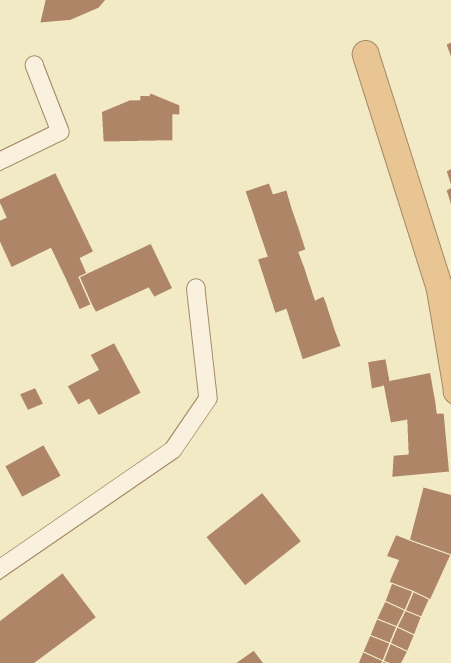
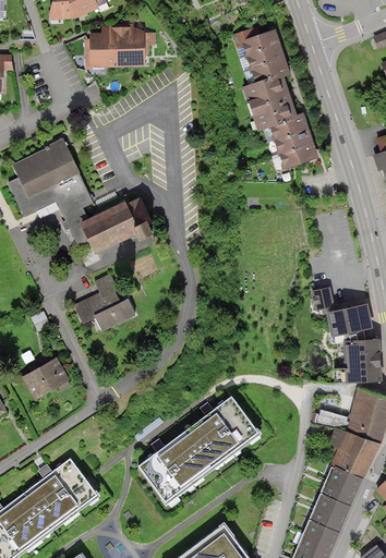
building: [101,93,180,142] -> [86,25,149,64]
building: [245,183,341,360] -> [239,25,316,167]
building: none -> [136,430,215,507]

